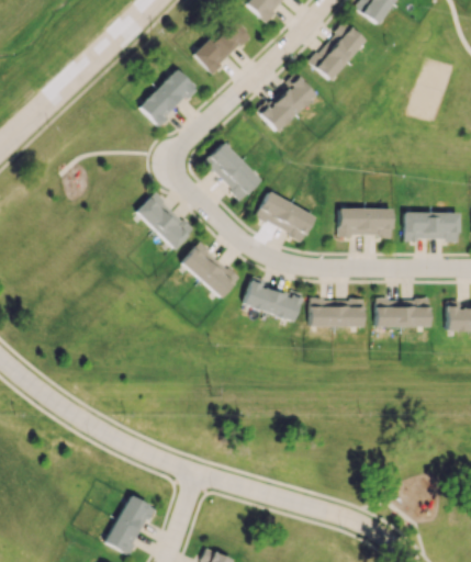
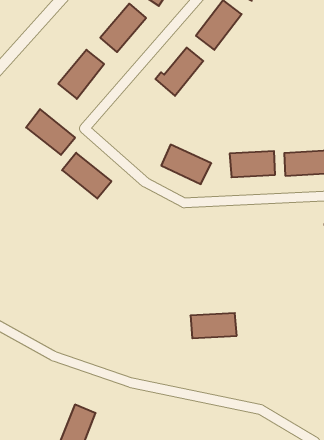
building: [203,143,261,200] -> [26,109,75,155]
building: [181,243,240,299] -> none
building: [244,279,303,321] -> none
building: [311,299,365,327] -> [190,313,237,338]
building: [377,300,430,327] -> none

